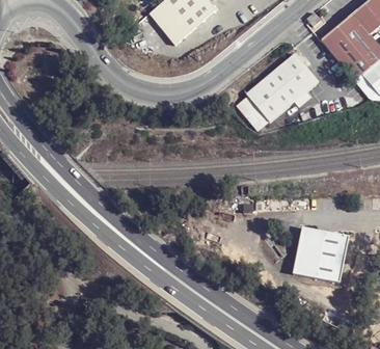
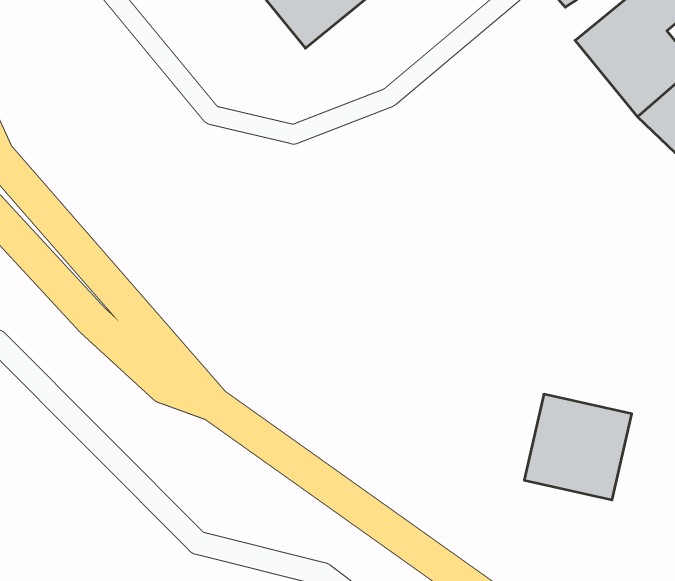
building: [238,45,322,128] -> none

